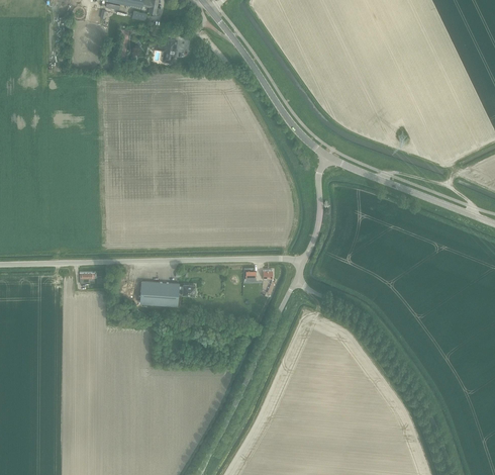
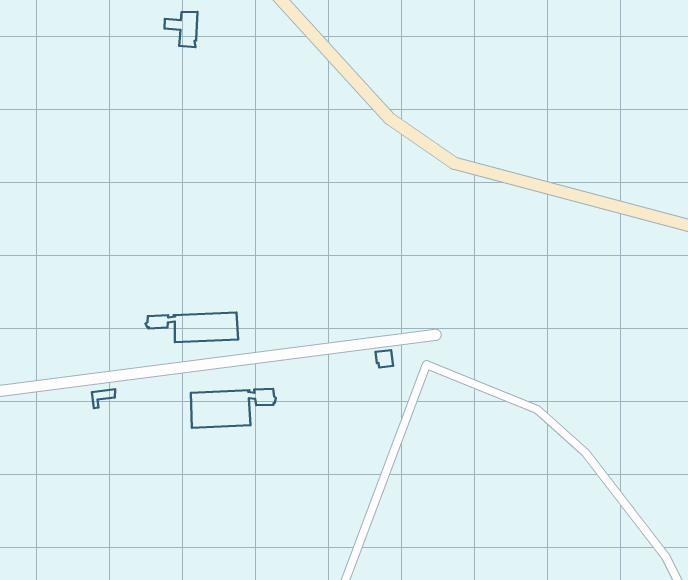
building: none -> [146,312,238,342]

